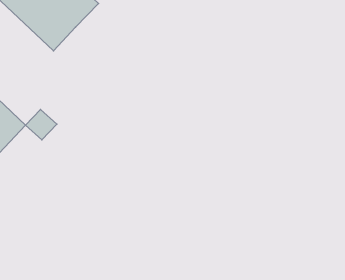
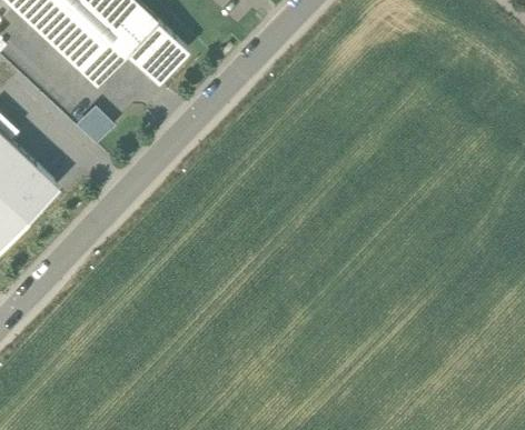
building: none -> [126,21,187,82]
building: [26,110,57,140] -> [73,104,116,146]

